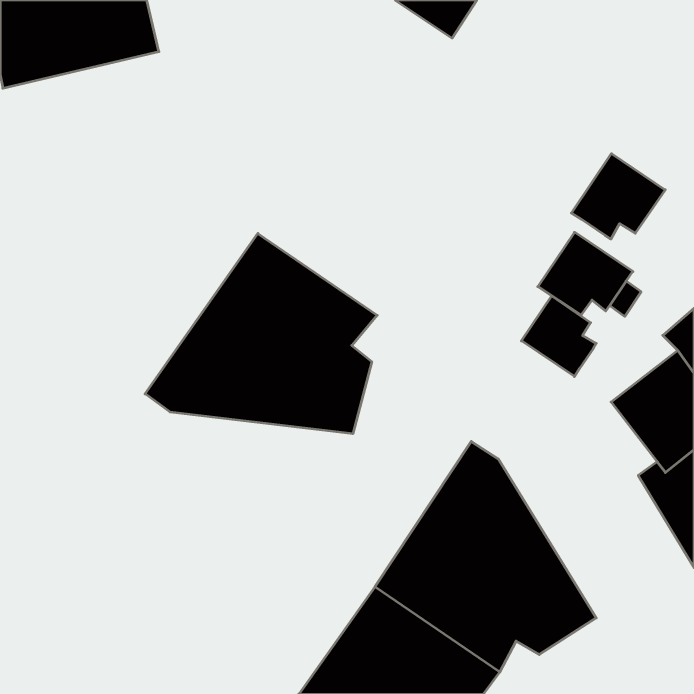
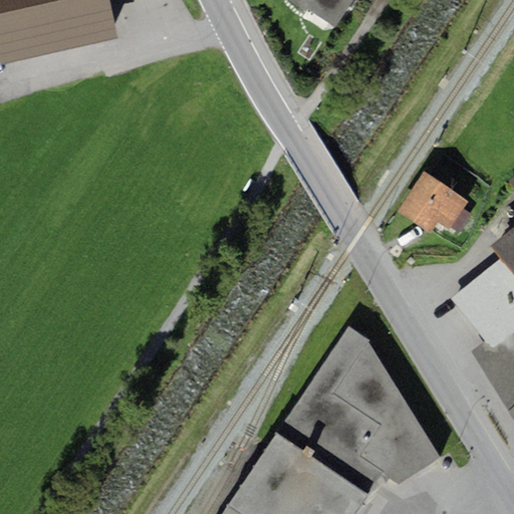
building: [571,154,665,239] -> none
building: [145,233,377,434] -> none
building: [521,296,596,377] -> none

